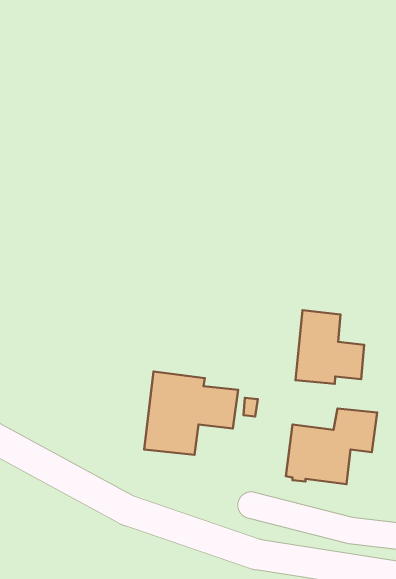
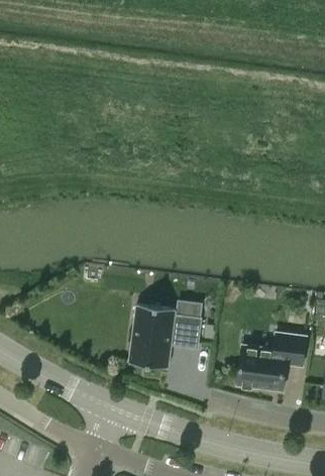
building: [295,310,364,384] -> none

